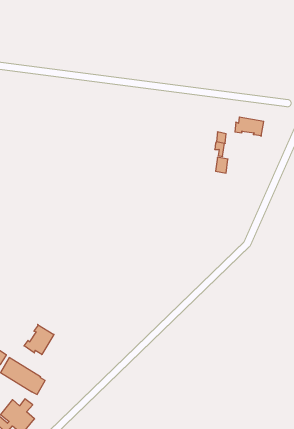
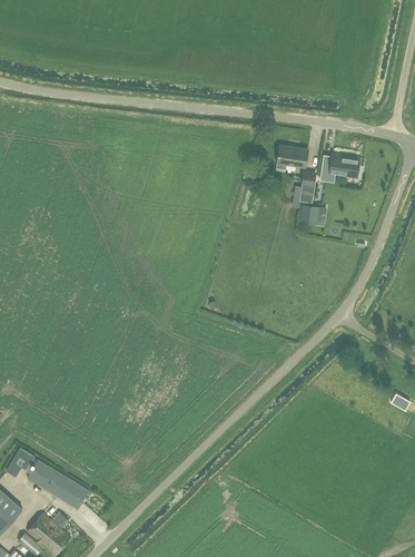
building: none -> [276,144,308,169]
building: [24,324,54,355] -> none

